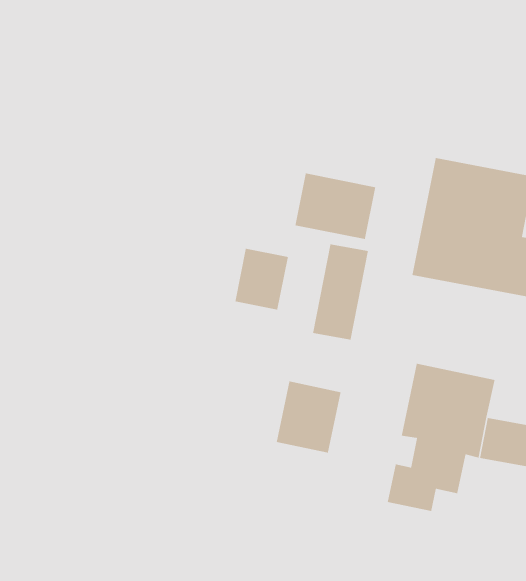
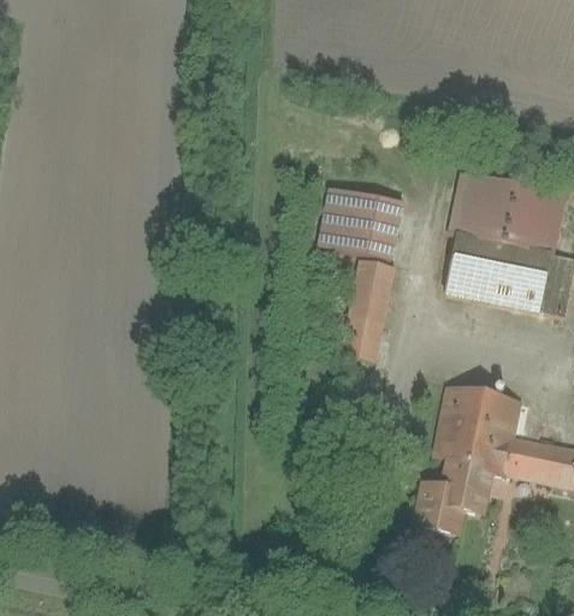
building: [235,248,289,311] -> none
building: [276,381,341,454] -> none

